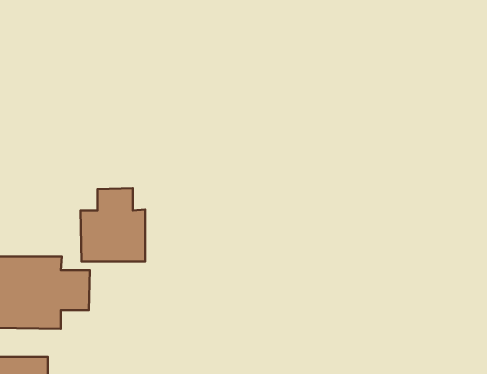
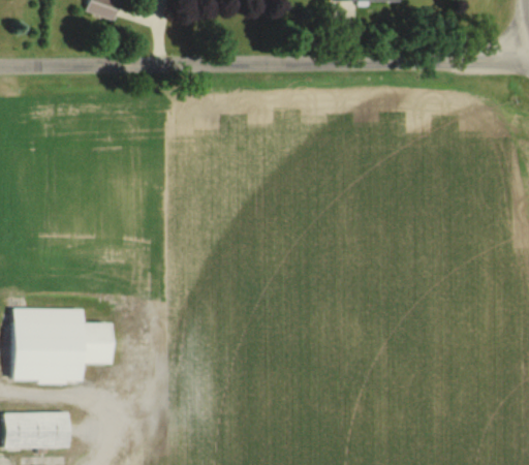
building: [81,188,145,262] -> none

